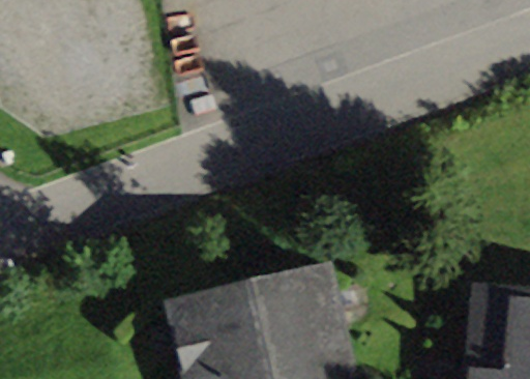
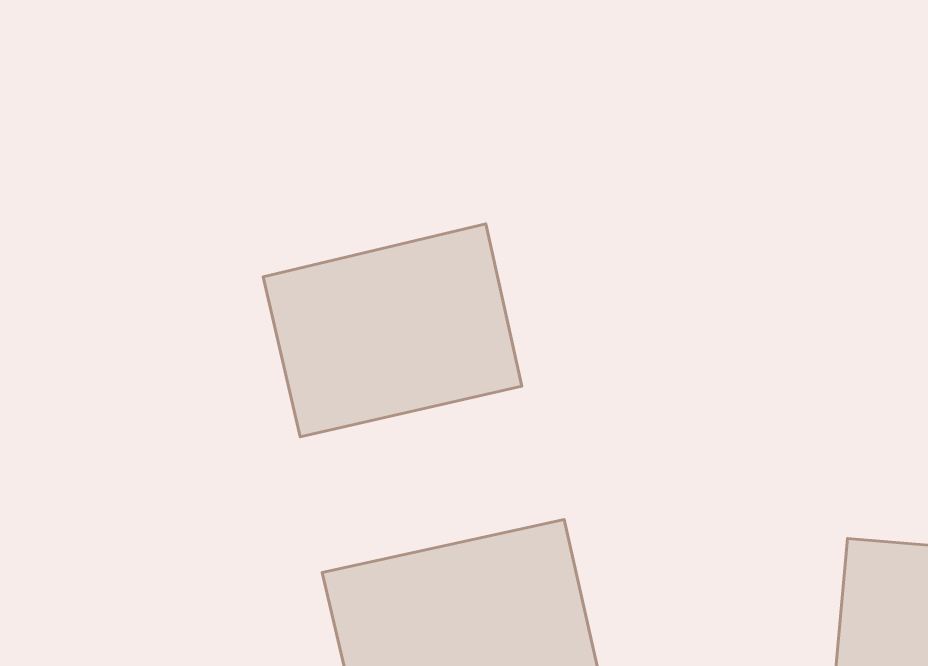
building: none -> [263,224,522,437]

